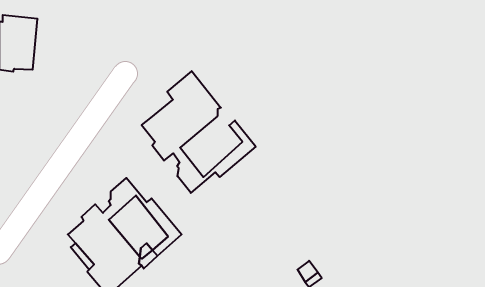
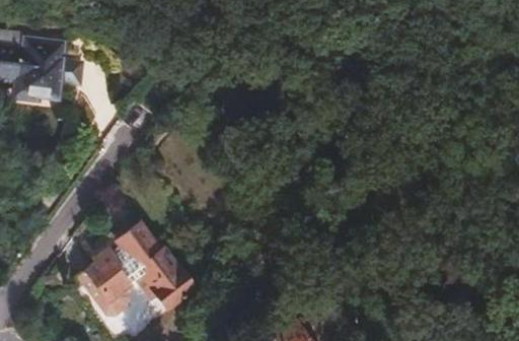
building: [142,71,256,193] -> none

